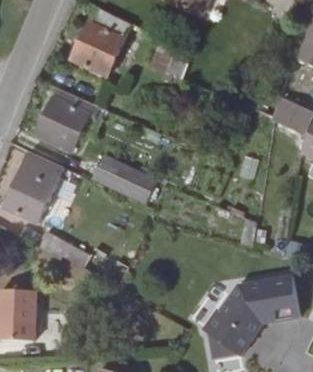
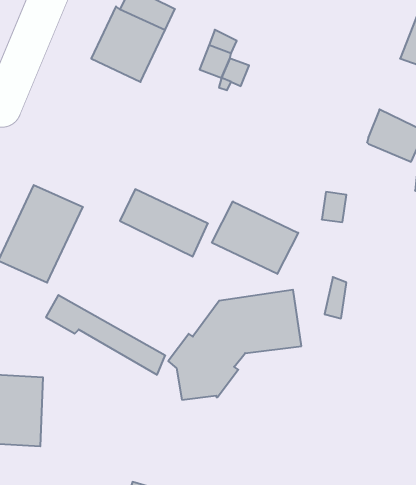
building: [36,97,89,151] -> none
building: none -> [212,201,298,274]
building: [198,278,295,358] -> [168,290,301,400]

